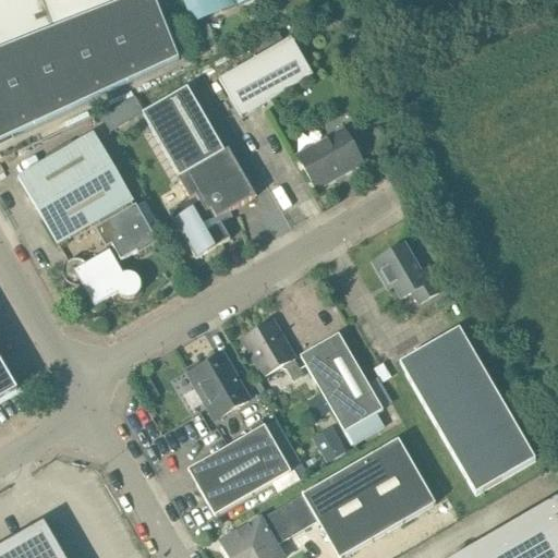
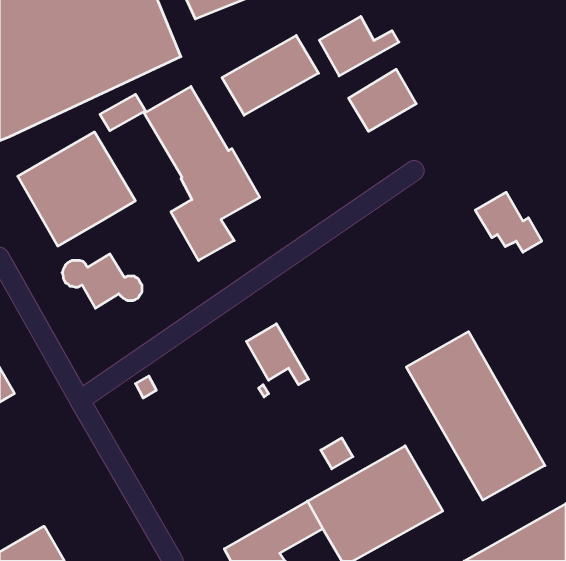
building: none -> [319,16,399,76]
building: [296,125,363,186] -> [349,69,416,131]
building: [95,199,157,258] -> none
building: [373,242,438,301] -> [475,192,542,252]
building: [300,331,391,442] -> none
building: [185,352,248,417] -> none
building: [187,423,291,513] -> none

